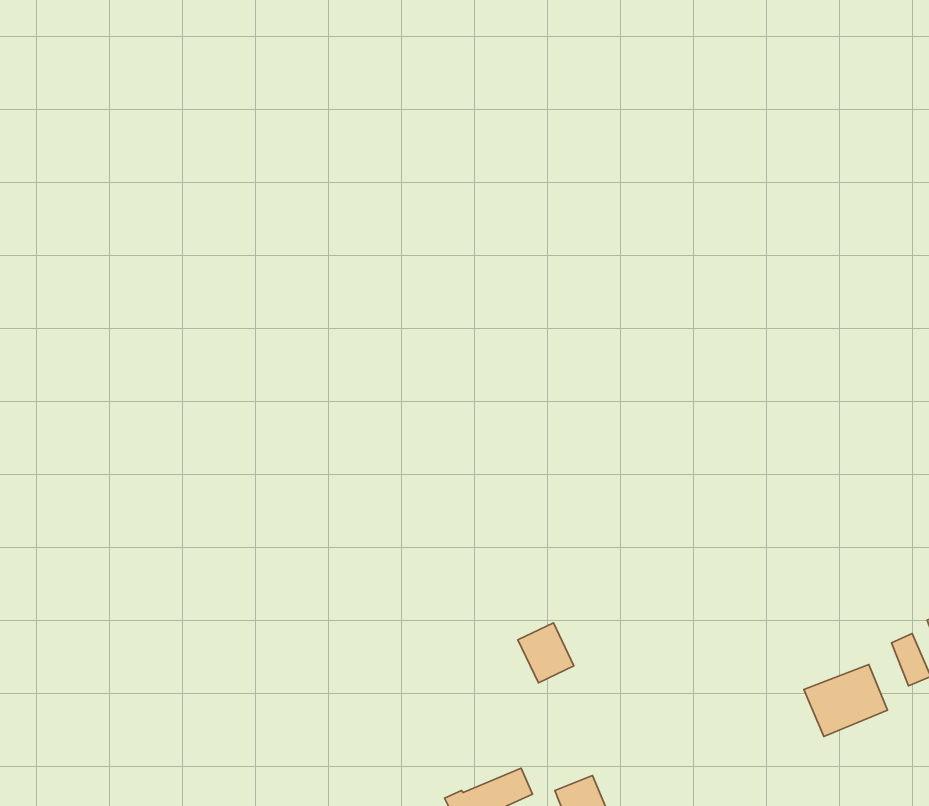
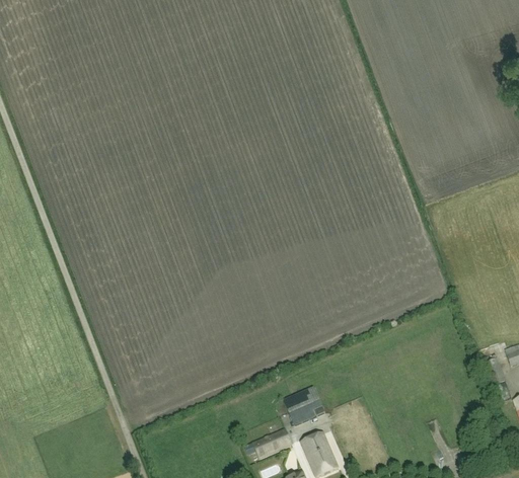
building: [518,623,574,683] -> [287,392,317,424]
building: [804,665,888,737] -> none

